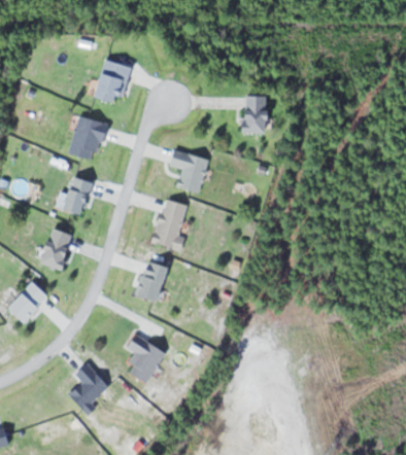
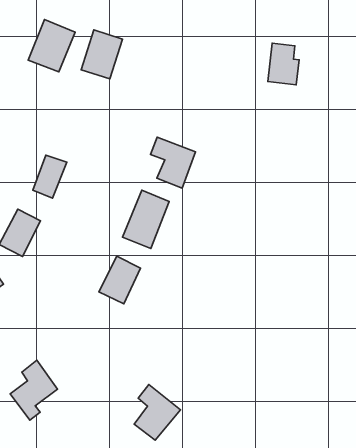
building: [245,97,271,132] -> [268,43,299,85]
building: [67,115,106,161] -> [28,20,75,72]
building: [126,334,166,383] -> [134,385,180,440]

